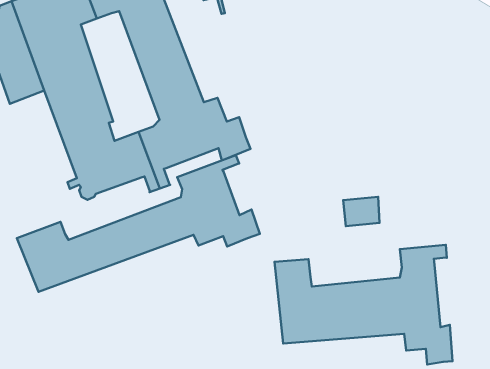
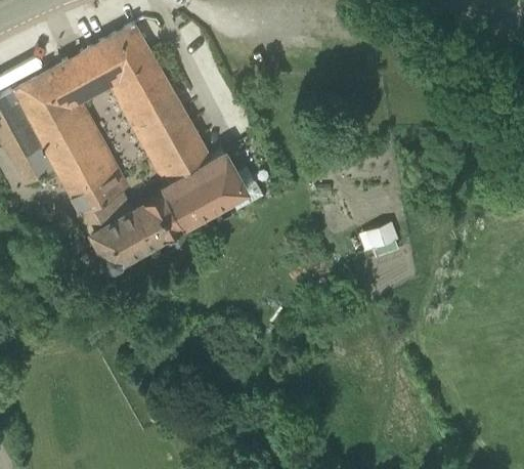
building: [17,155,260,292] -> none
building: [274,245,453,364] -> none

